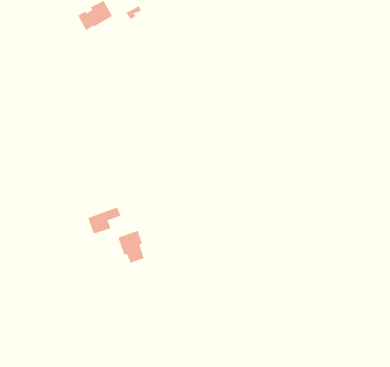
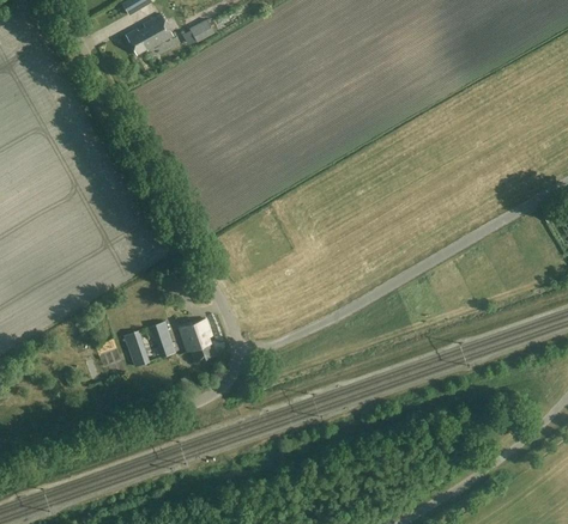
building: [88,207,121,234] -> [129,328,174,364]

